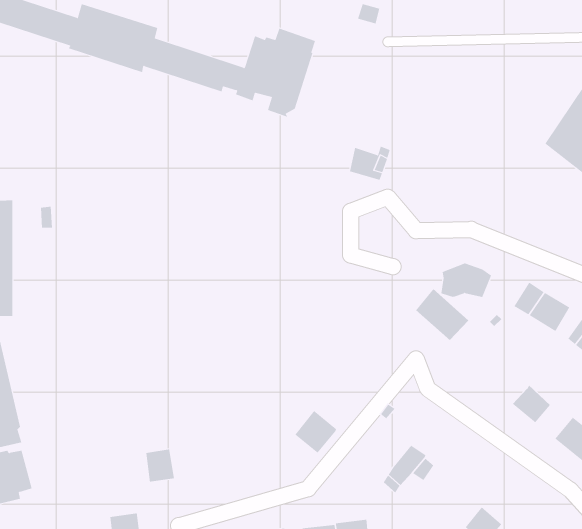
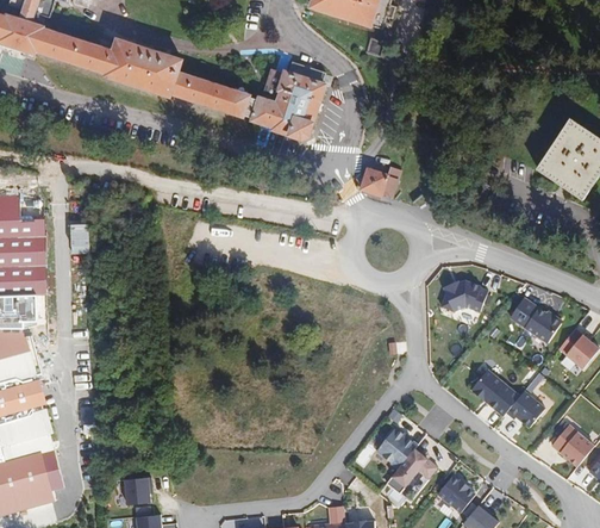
building: [415,288,469,341] -> [471,365,521,414]
building: [295,410,337,454] -> [376,427,415,467]
building: [145,449,175,482] -> [123,474,150,505]
building: none -> [437,473,476,511]

